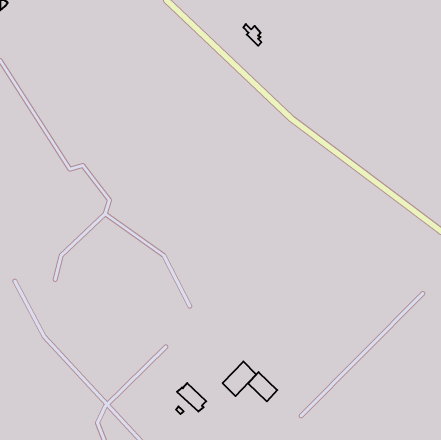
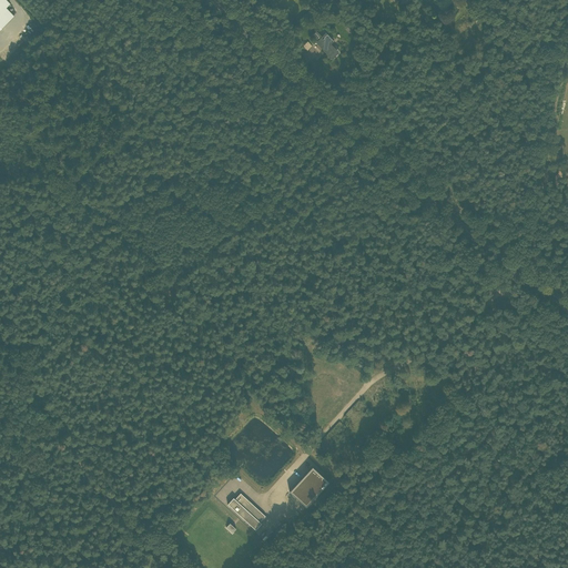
building: [248,372,277,401] -> none

